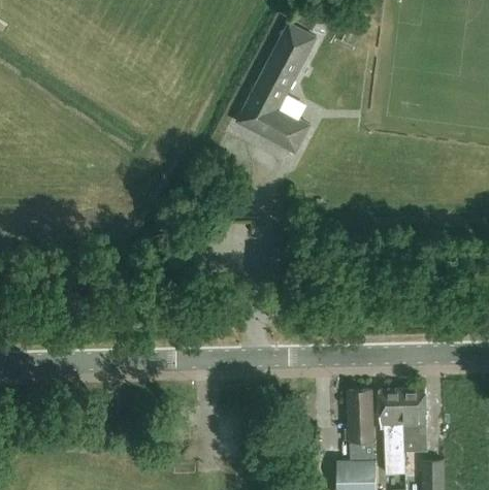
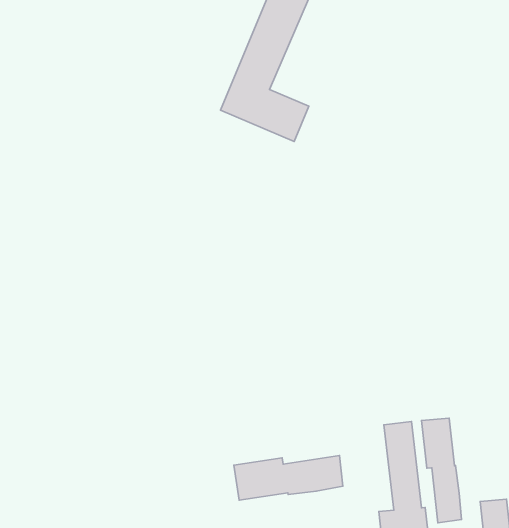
building: [401,390,427,453] -> none
building: none -> [234,456,343,500]

